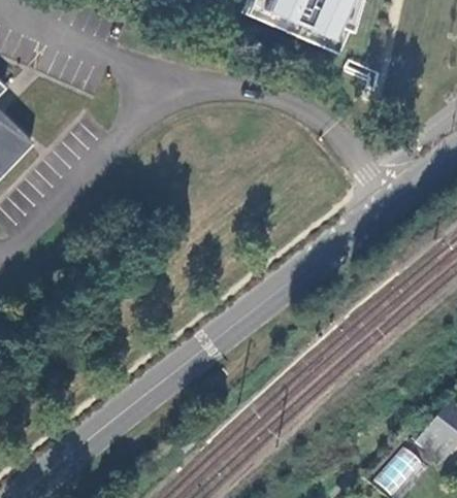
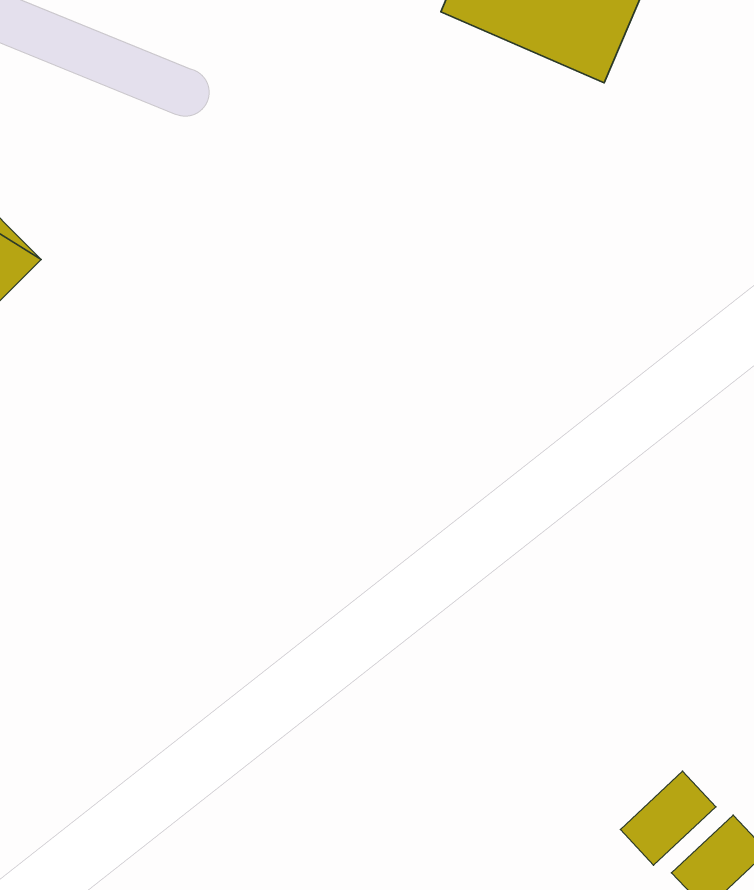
building: none -> [620,771,716,865]

